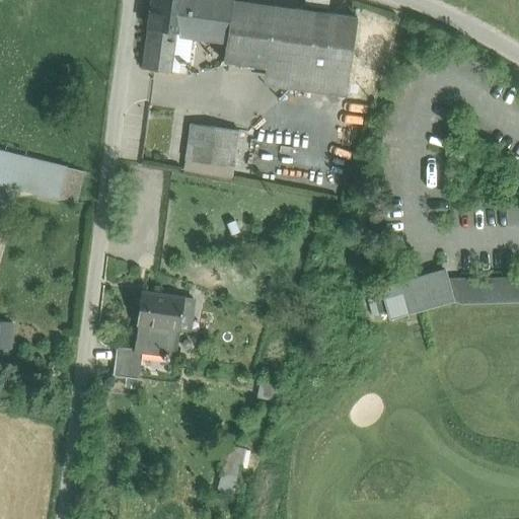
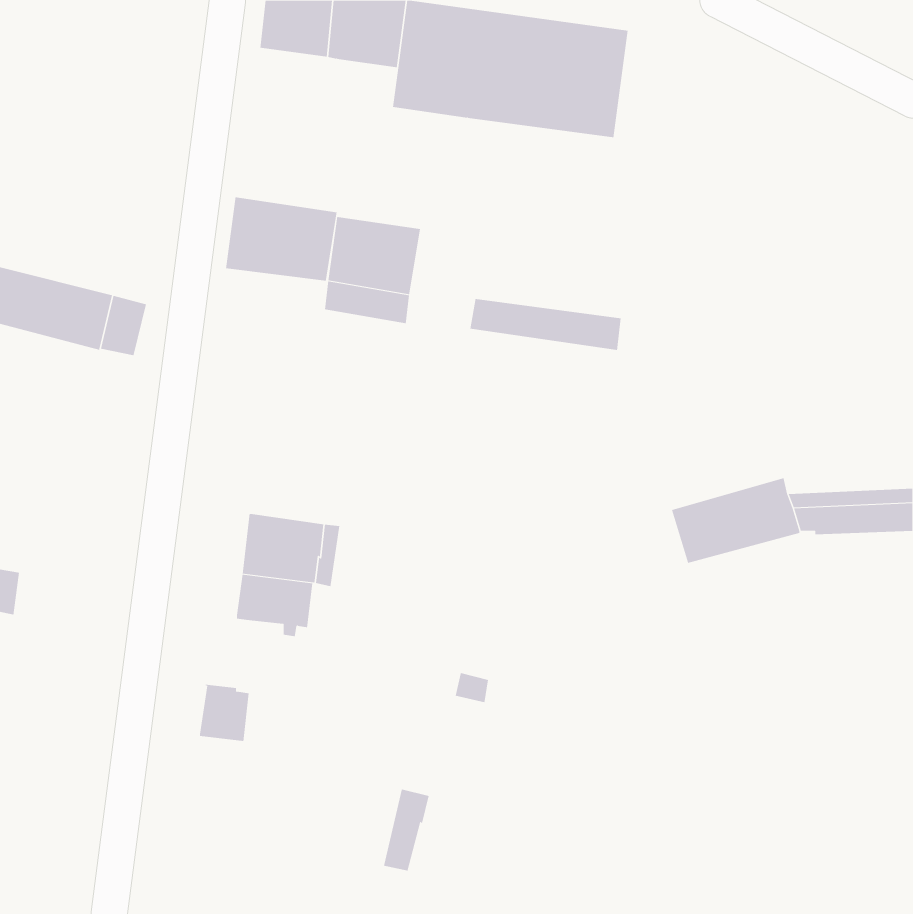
building: [143,27,191,71] -> none
building: [262,67,348,96] -> [469,298,622,350]
building: none -> [225,197,337,282]
building: [113,347,141,379] -> [199,684,249,741]

